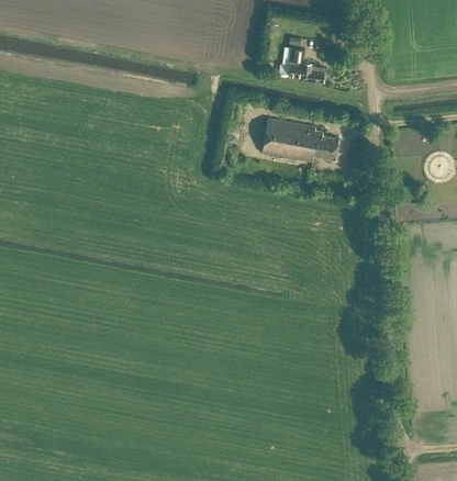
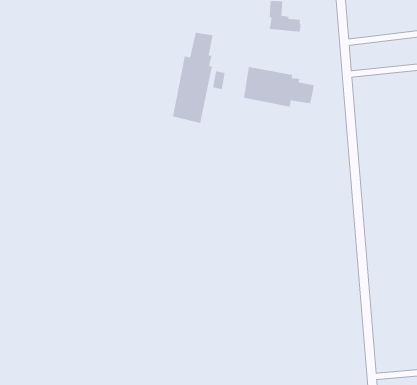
building: none -> [172,32,213,124]

